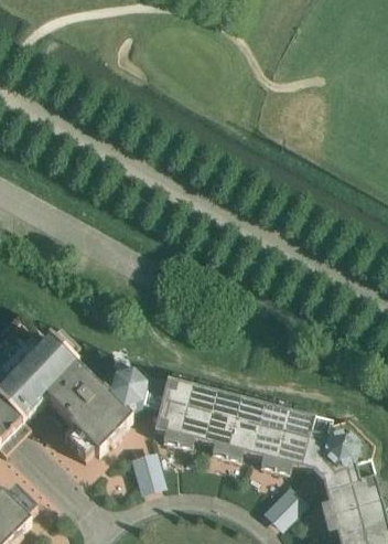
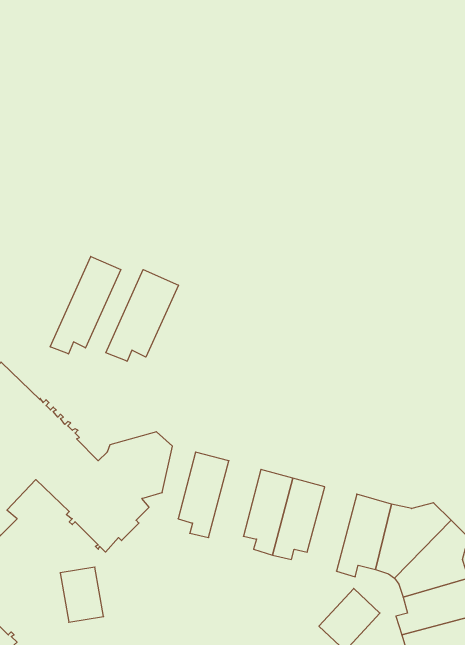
building: none -> [50,256,121,354]
building: none -> [106,270,178,361]
building: [176,386,216,449] -> none
building: [251,406,289,470] -> none
building: [129,450,162,492] -> [60,567,104,622]

